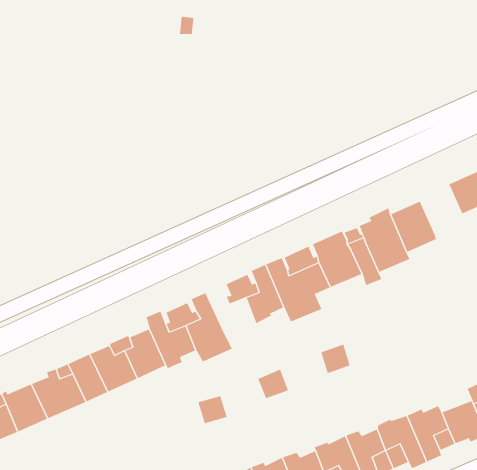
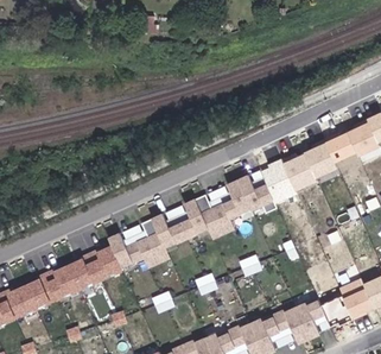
building: none -> [310,138,343,173]
building: none -> [158,209,193,244]

